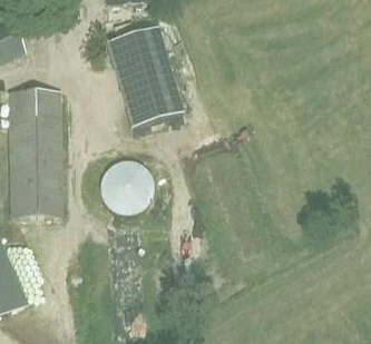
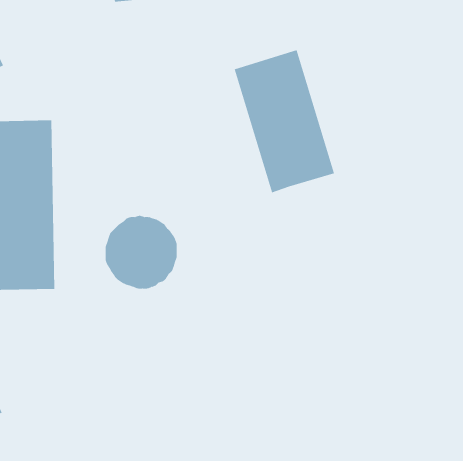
building: [111,21,186,127] -> [234,50,335,193]

